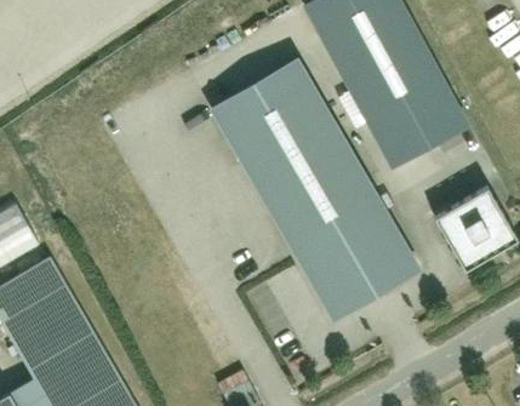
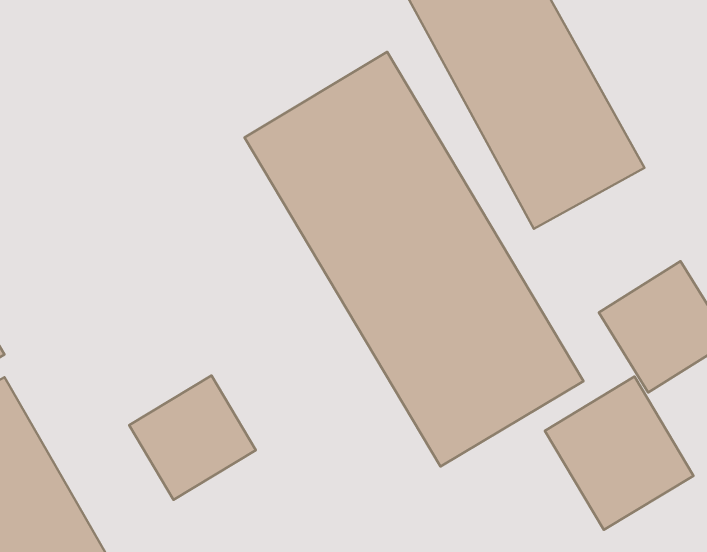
building: none -> [129,376,256,500]
building: none -> [545,377,694,530]

